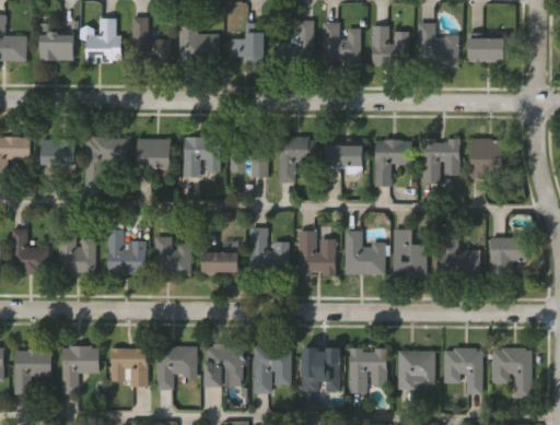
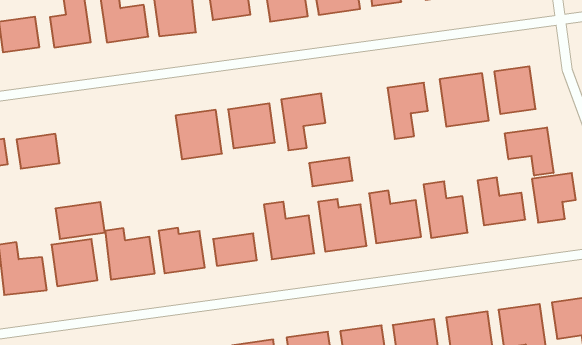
building: [86,135,127,163] -> [55,202,105,239]
building: [138,138,170,167] -> none
building: [325,144,361,165] -> [309,157,353,186]
building: none -> [505,127,553,176]

